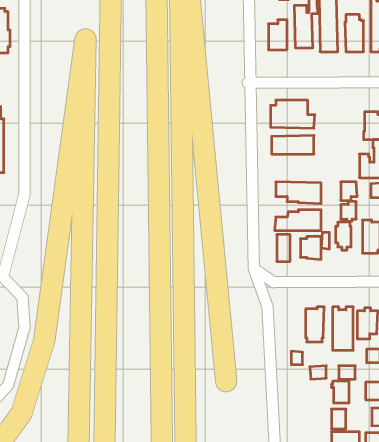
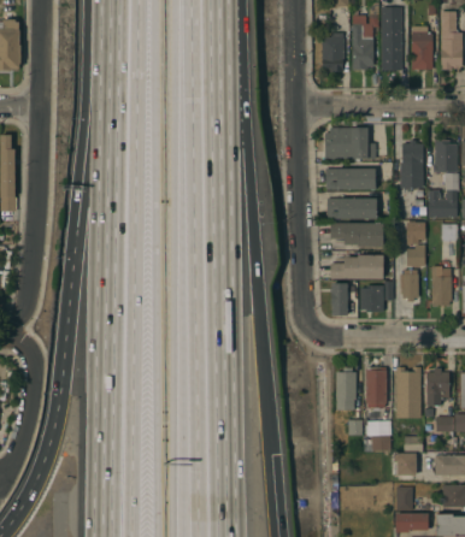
building: none -> [400,140,423,188]
building: none -> [326,197,376,218]
building: none -> [335,367,355,411]

